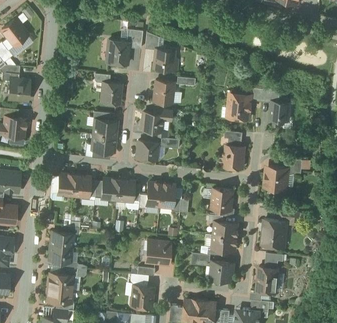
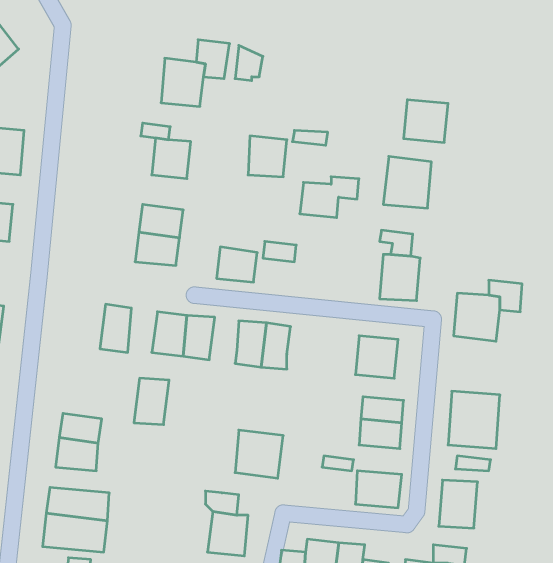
building: [153,49,176,71] -> none
building: [268,101,292,124] -> [404,100,448,142]
building: [140,110,172,132] -> [300,177,359,218]
building: [57,171,76,196] -> [134,378,169,425]

